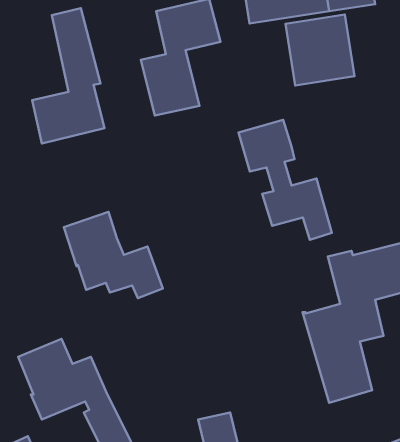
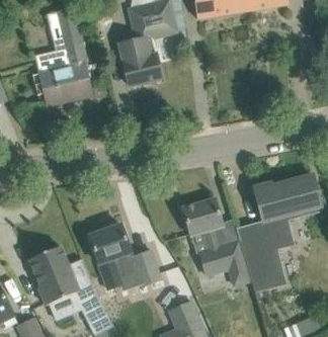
building: [285,14,355,86] -> none
building: [239,120,332,240] -> [182,198,250,285]
building: [64,212,163,298] -> [89,225,161,287]

